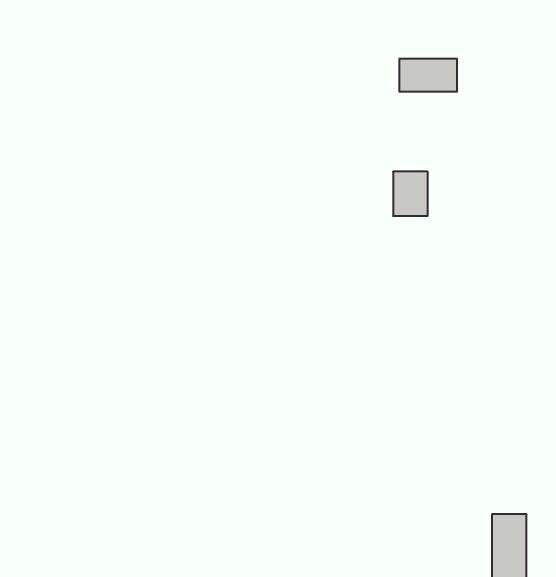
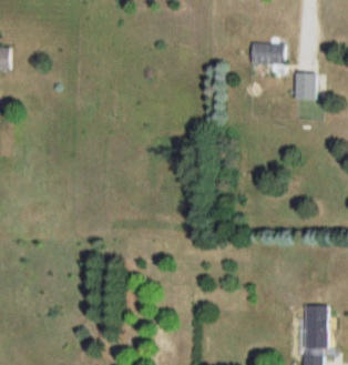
building: [393,172,428,216] -> [295,73,315,99]

